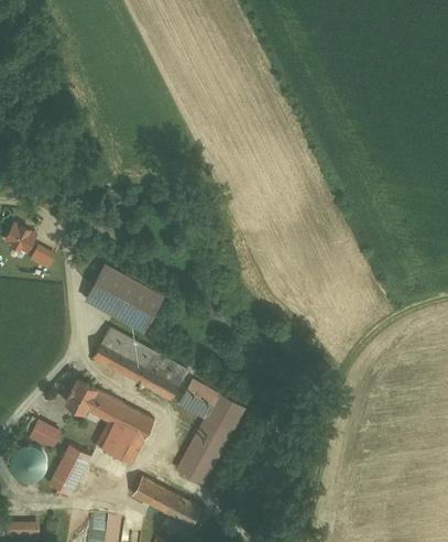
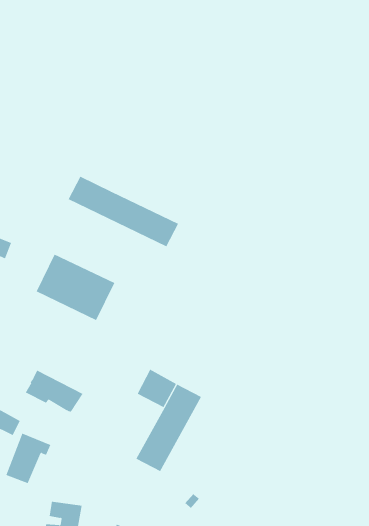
building: none -> [68,176,179,247]
building: [94,327,187,400] -> none
building: [98,404,155,462] -> none
building: [133,477,201,525] -> none

